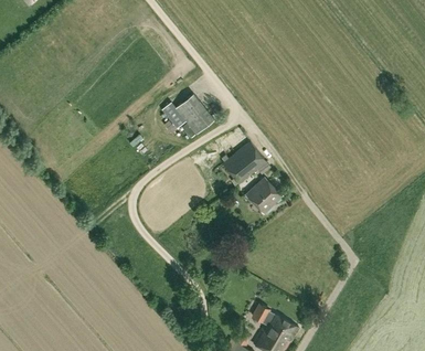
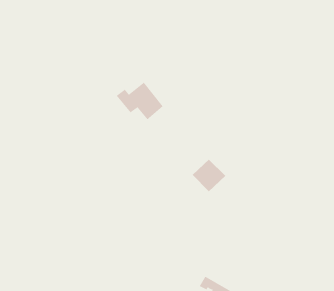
building: [223,141,266,184] -> none

